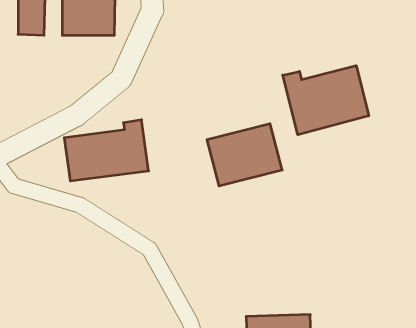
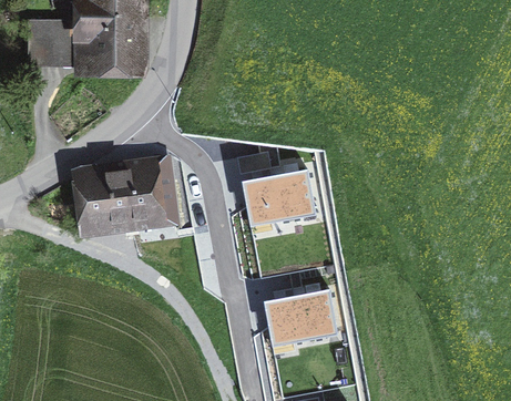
building: [283,66,369,135] -> none
building: none -> [262,287,339,348]

